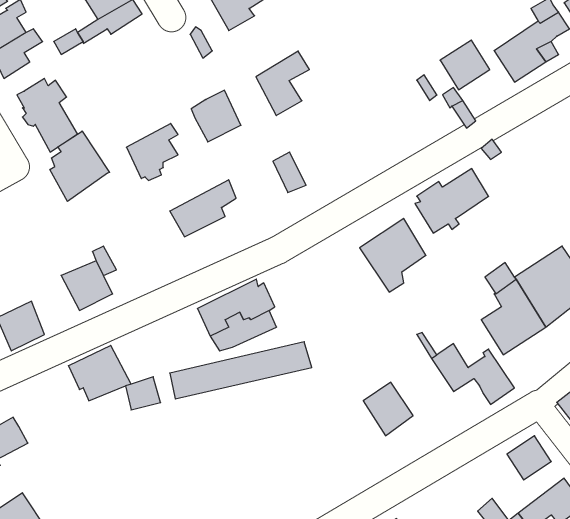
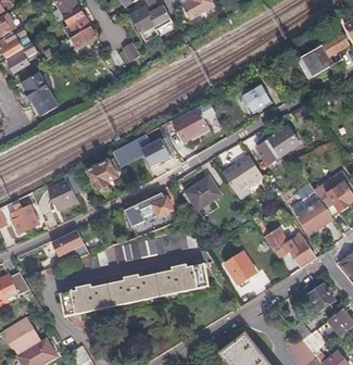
building: [440,40,490,90] -> [241,84,270,113]
building: [256,51,309,116] -> [182,102,214,140]
building: [191,90,241,142] -> [141,138,171,168]
building: [126,123,178,180] -> [86,158,116,191]
building: [50,131,110,201] -> none
building: none -> [181,176,220,211]
building: none -> [59,262,206,317]

